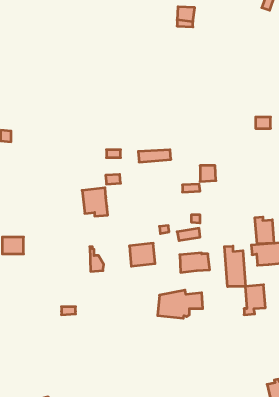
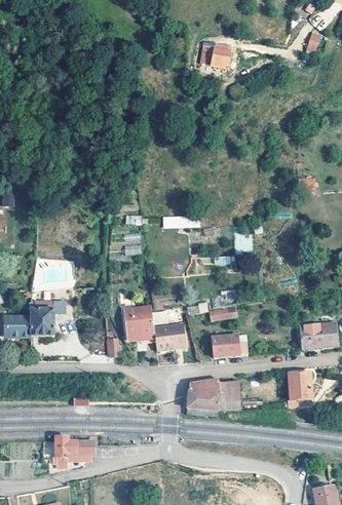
building: [82,188,108,216] -> [124,305,154,338]
building: [255,217,274,244] -> none
building: none -> [30,301,59,336]
building: [224,246,245,287] -> none
building: none -> [54,436,96,468]

